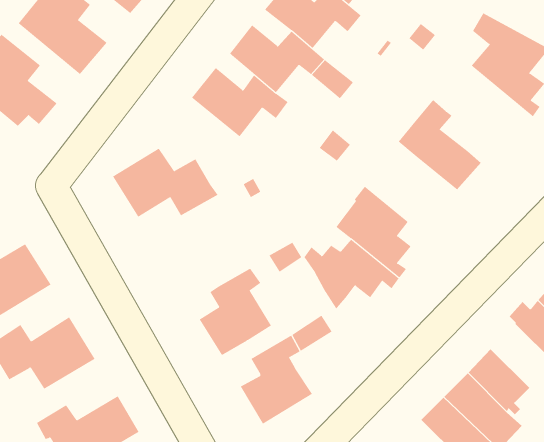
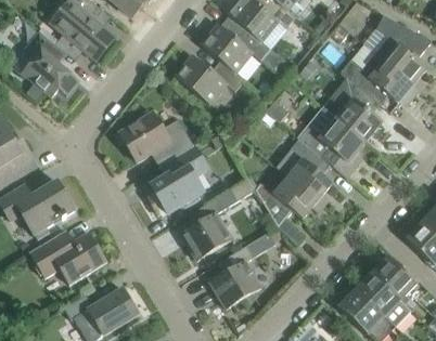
building: none -> [341,53,419,104]
building: none -> [298,118,364,178]
building: none -> [151,145,207,212]

